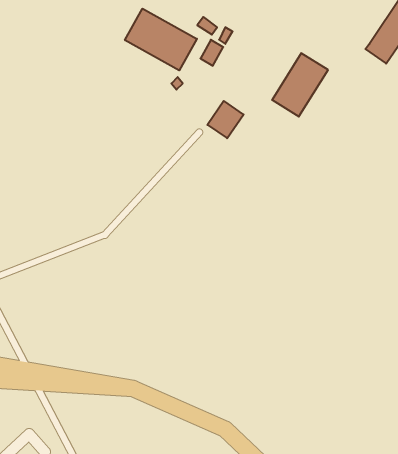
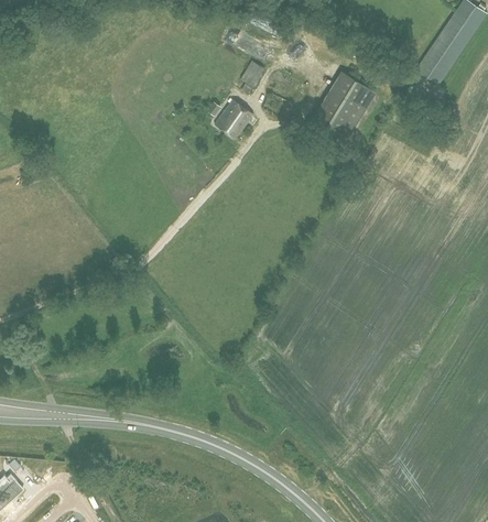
building: [125,9,197,70] -> none
building: [207,101,244,138] -> [215,98,253,138]

